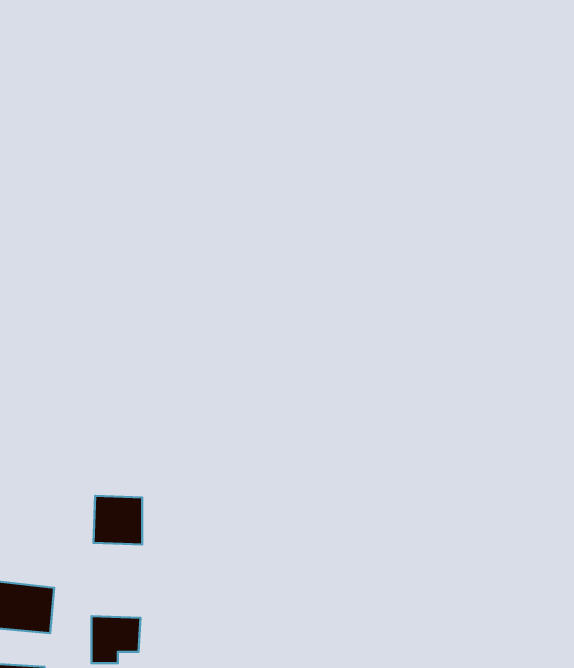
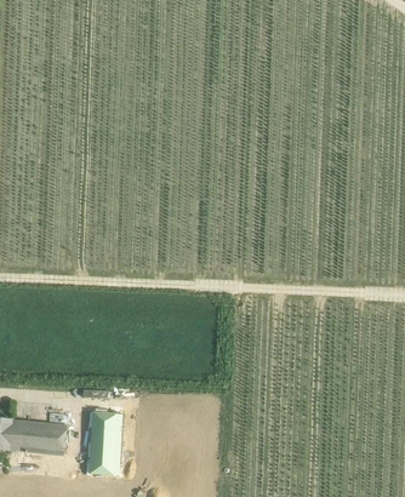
building: [93,496,142,545] -> [90,413,121,445]

